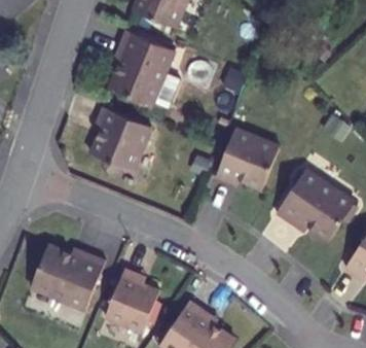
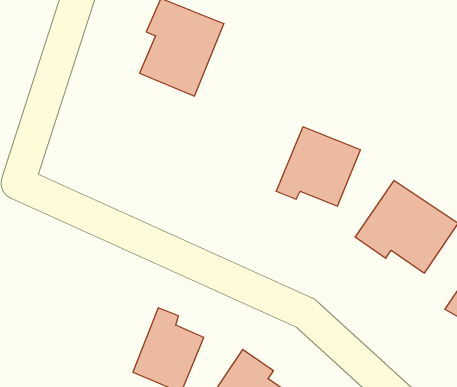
building: [90,106,151,171] -> none
building: [31,244,106,310] -> none

